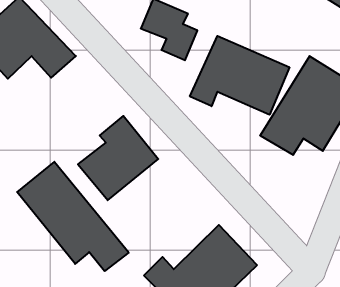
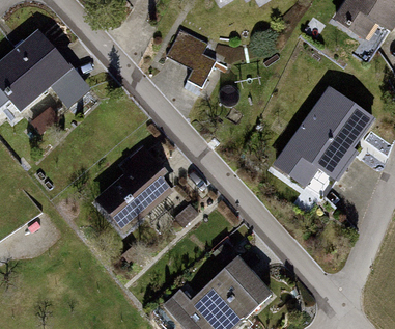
building: [190,36,289,115] -> none
building: [17,162,129,271] -> none

